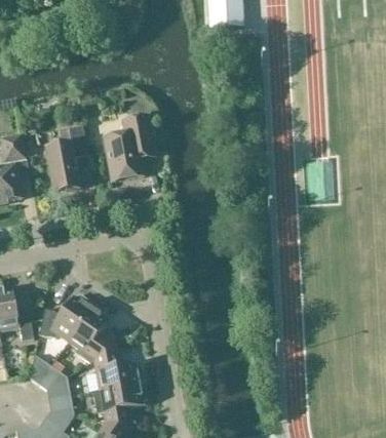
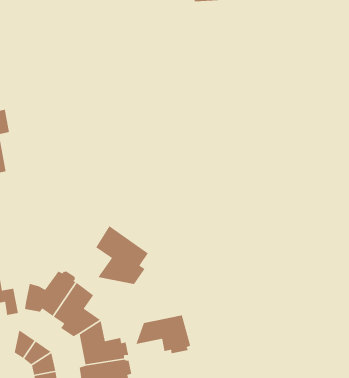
building: [104,115,155,182] -> none
building: [45,126,88,192] -> none
building: none -> [95,225,149,285]
building: none -> [135,315,191,354]

